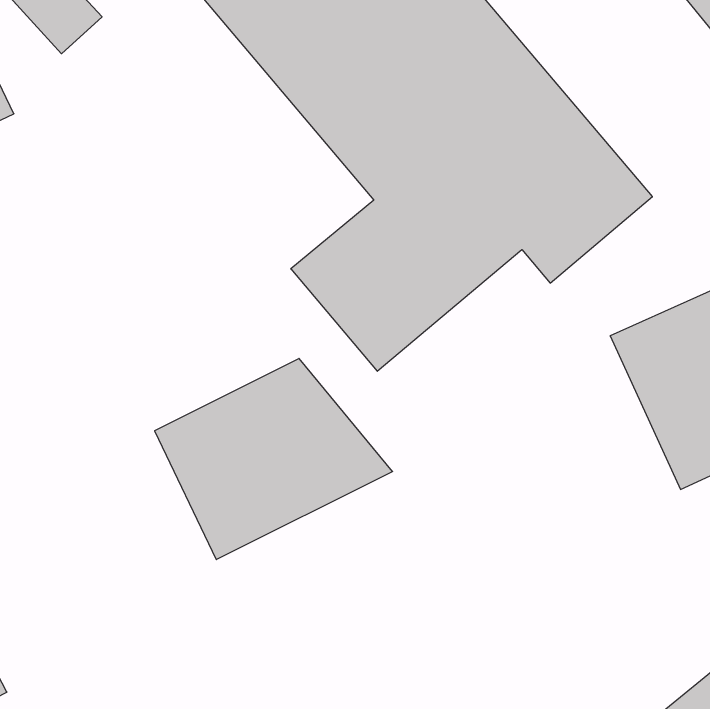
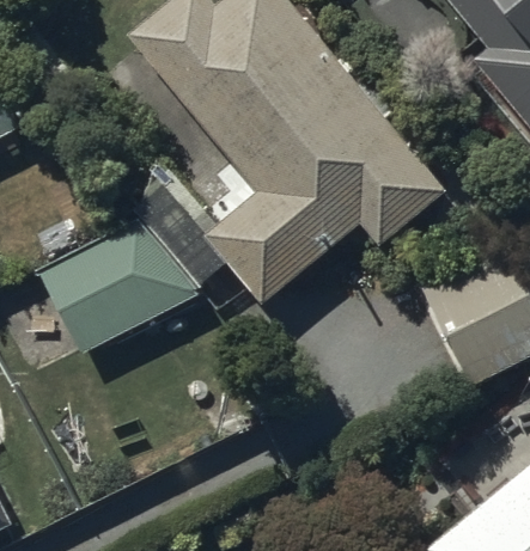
building: [155,358,393,560] -> [37,218,199,354]

